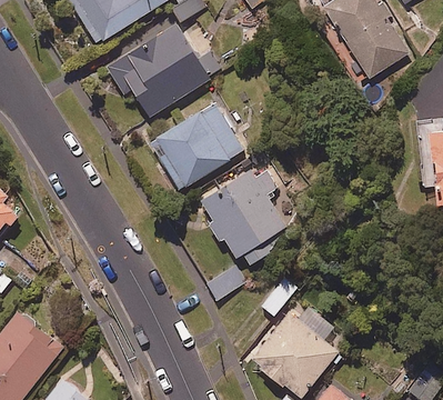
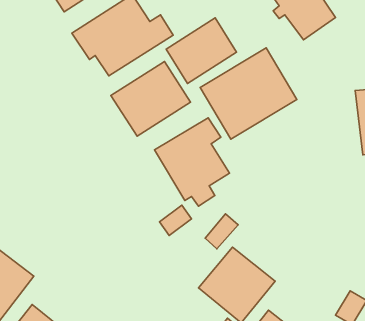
building: none -> [166,18,236,83]
building: none -> [200,48,297,139]

